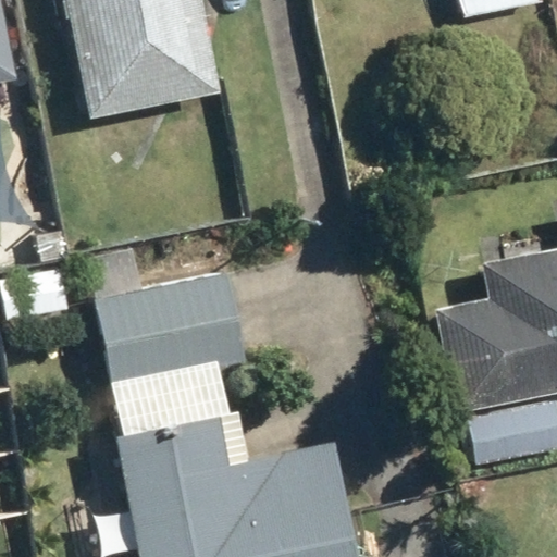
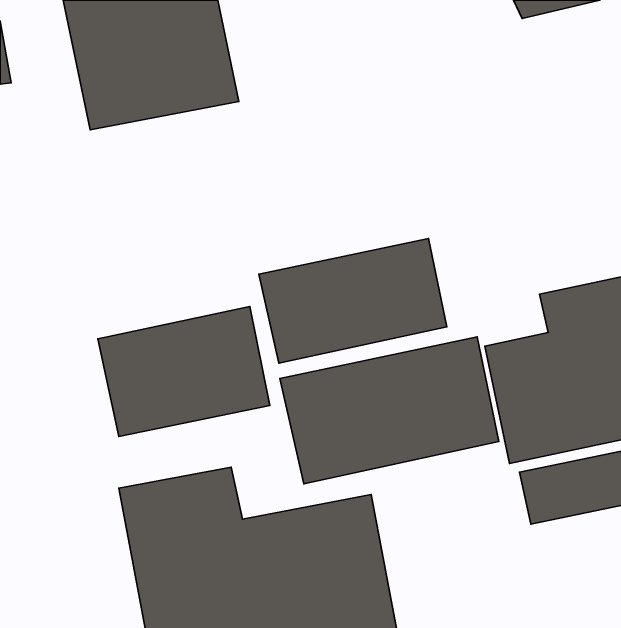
building: none -> [259,238,447,363]
building: none -> [280,337,499,484]

